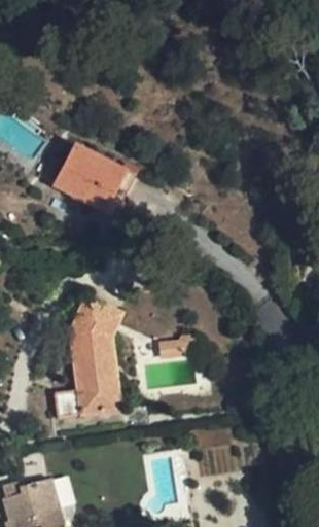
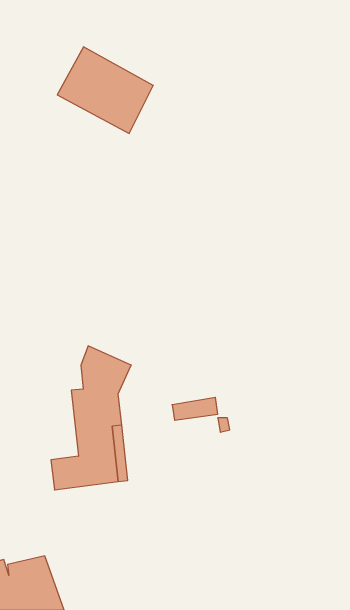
building: [49,144,132,218] -> [57,47,153,133]

